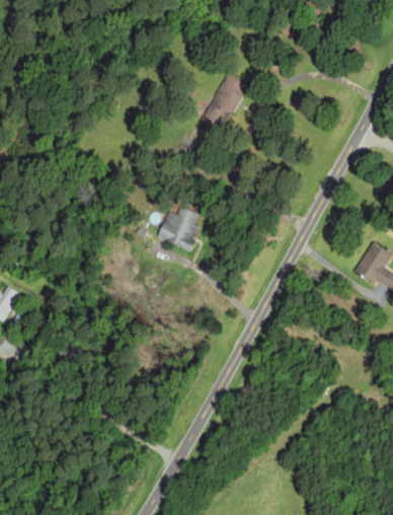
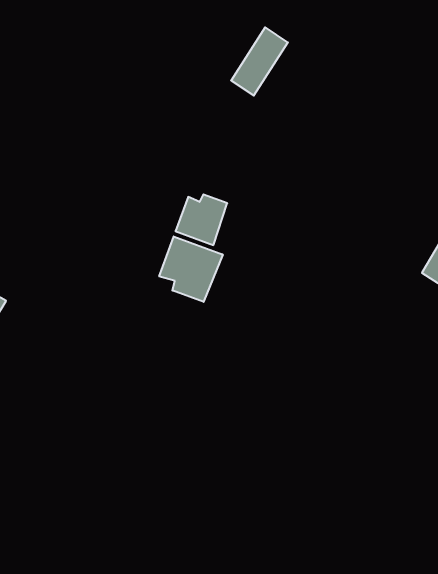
building: none -> [159,236,223,302]

